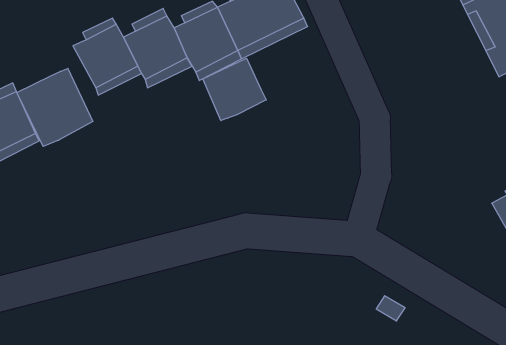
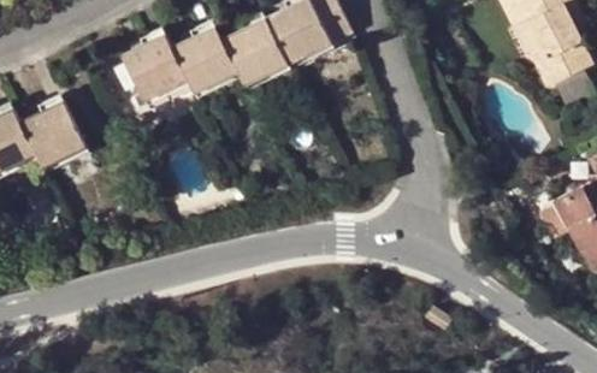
building: [203,58,266,121] -> none
building: [17,68,93,146] -> none

